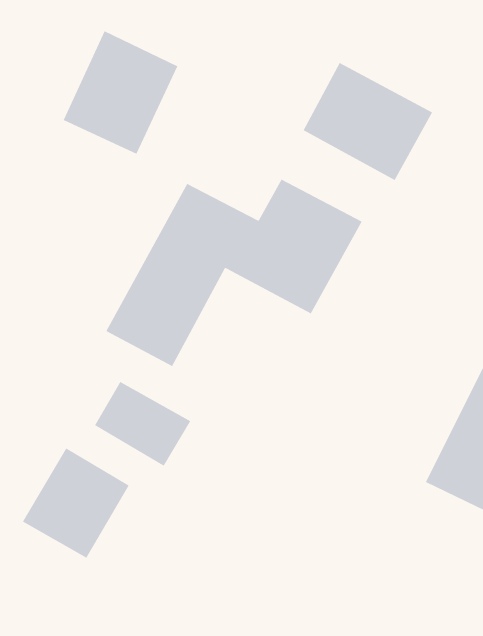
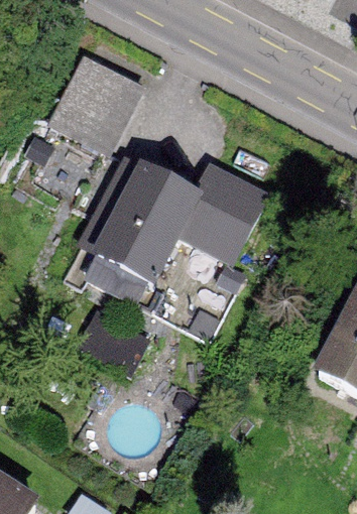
building: [303,62,433,181] -> none
building: [22,448,129,558] -> none

